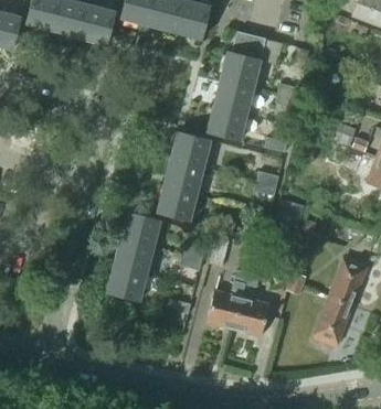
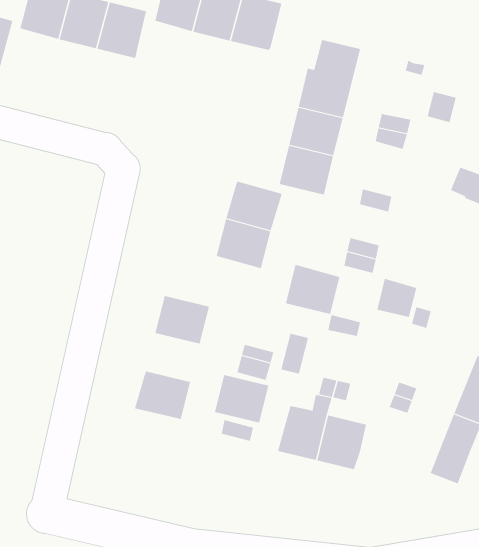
building: [158,184,197,219] -> [285,264,340,314]
building: [115,238,154,272] -> [214,374,269,423]

